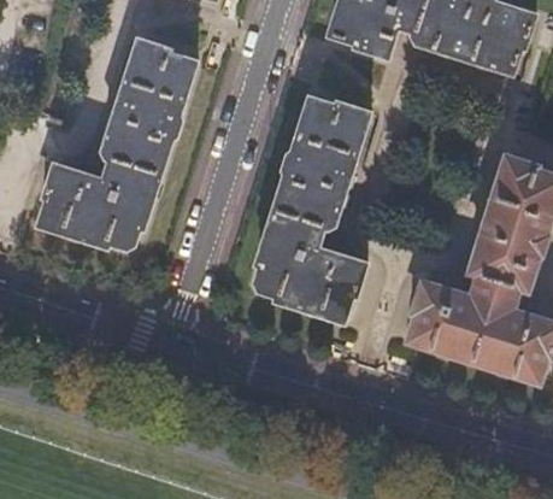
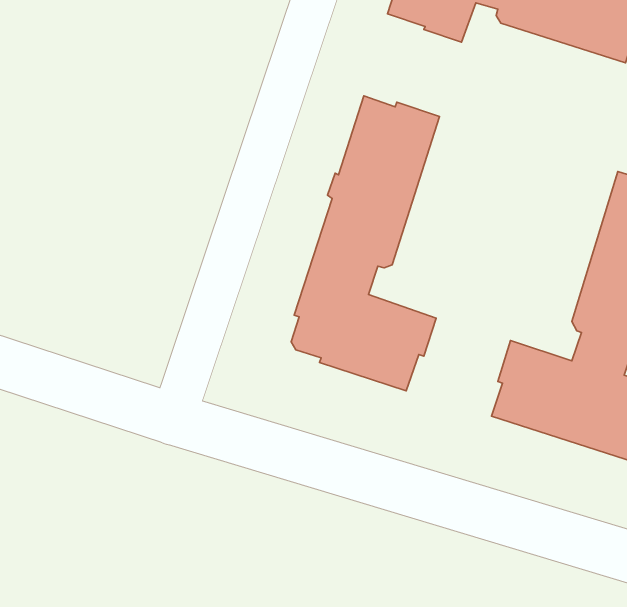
building: [37,41,194,251] -> none

